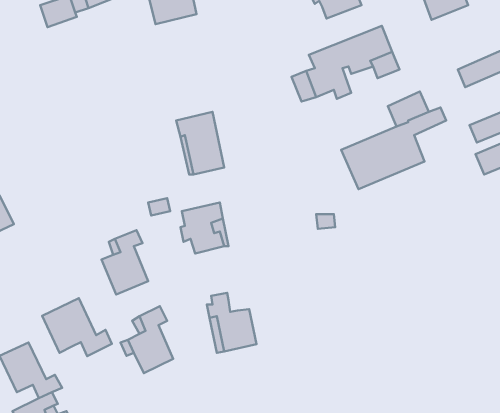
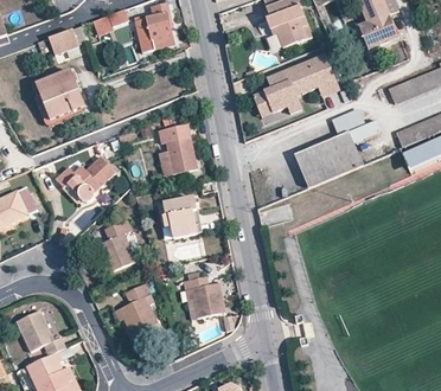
building: none -> [36,70,85,118]
building: none -> [55,155,116,201]
building: [42,298,112,356] -> none

